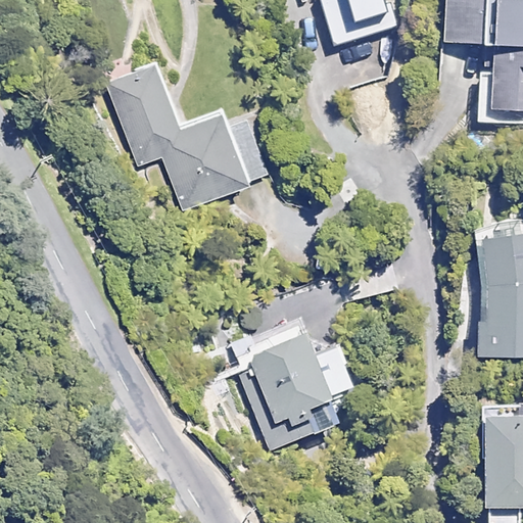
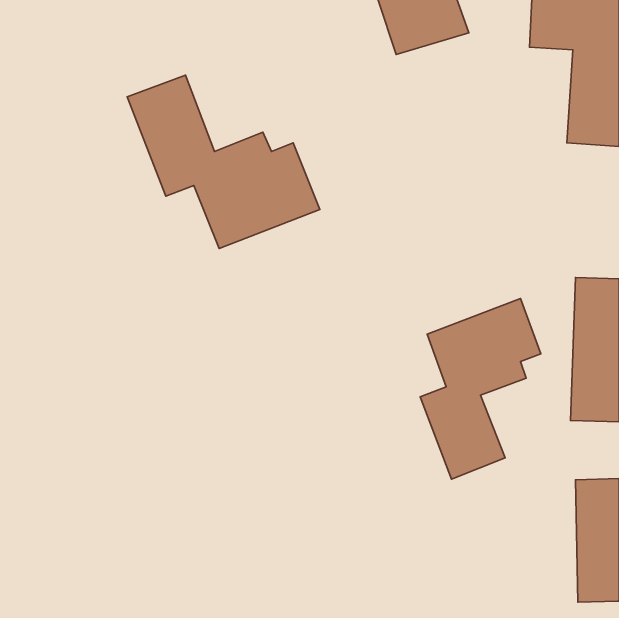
building: none -> [420,298,541,479]
building: [238,338,346,450] -> none

